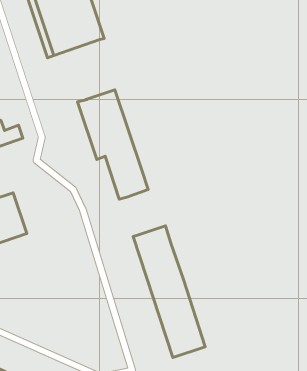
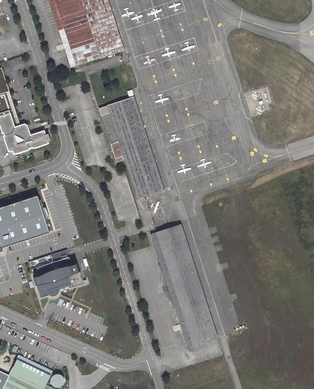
building: none -> [33,262,83,297]

